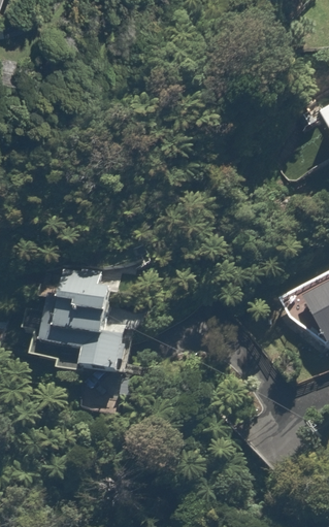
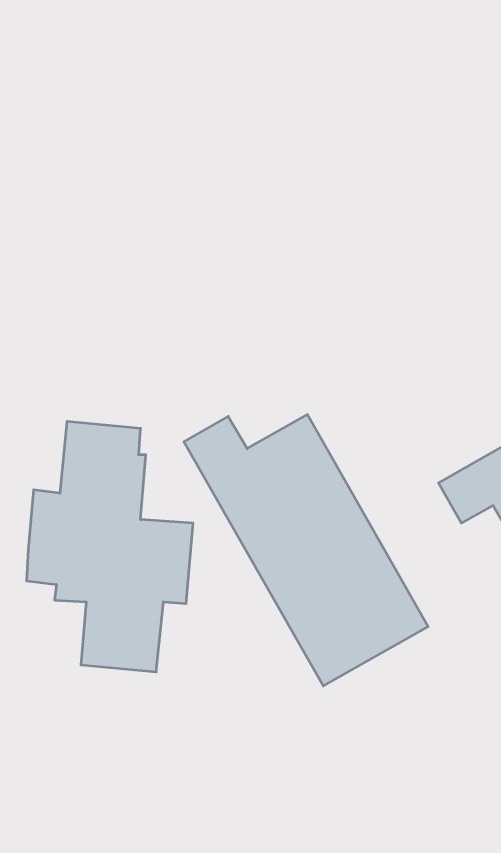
building: none -> [184,415,428,686]

